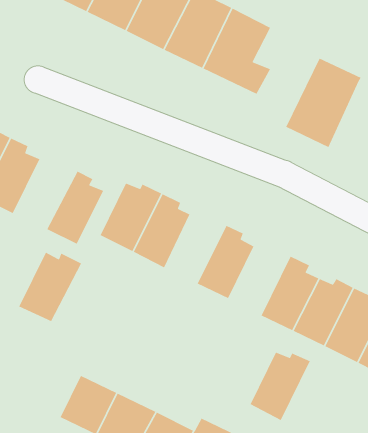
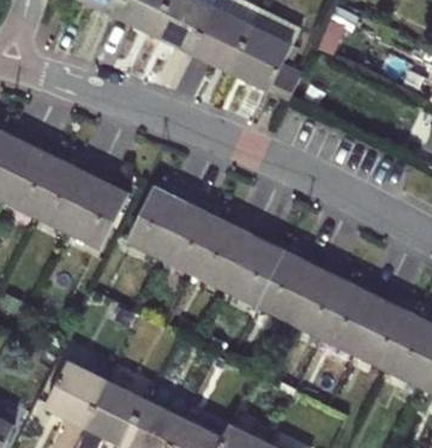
building: [285,58,362,148] -> none
building: none -> [191,219,253,289]
building: [18,251,82,322] -> [37,162,102,234]
building: [249,351,311,421] -> [256,251,318,322]
building: none -> [43,362,106,425]

